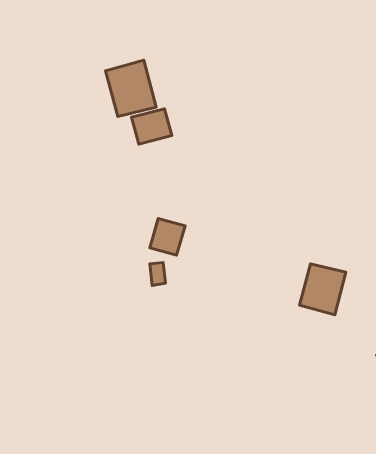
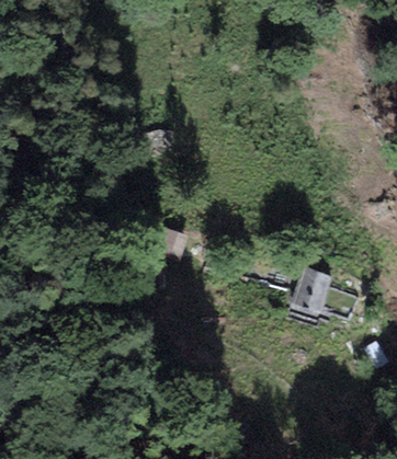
building: [106,60,156,117] -> none

